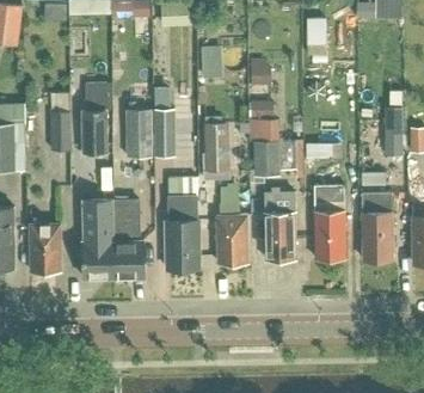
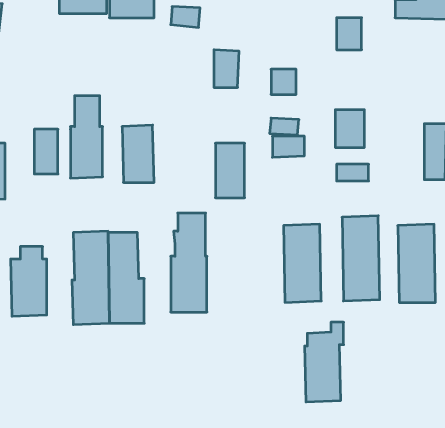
building: [153,109,174,158] -> none
building: [253,142,278,174] -> [335,110,364,147]
building: [216,196,250,264] -> [305,322,344,402]

